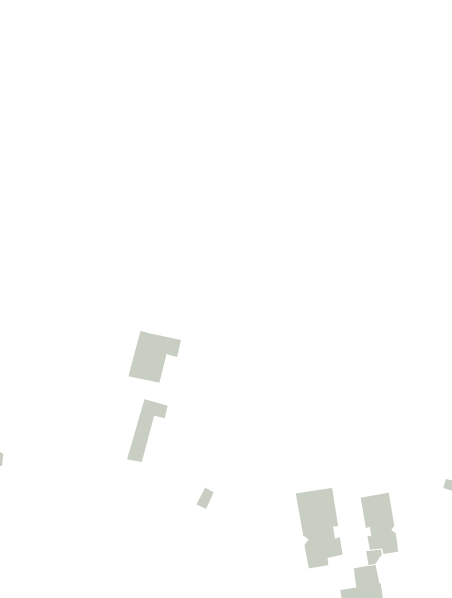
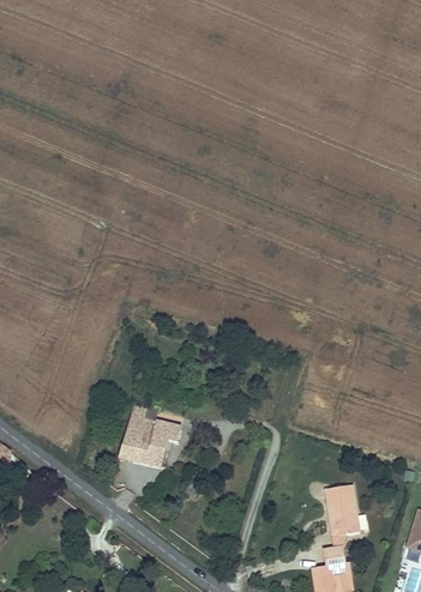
building: [128,330,182,383] -> [133,418,181,465]
building: [295,487,343,569] -> none

